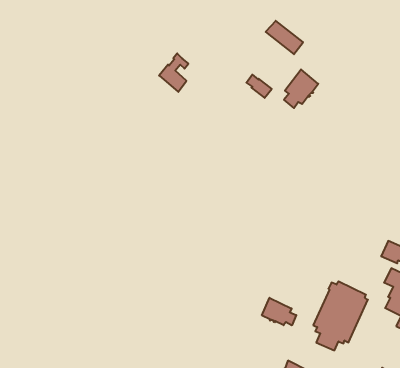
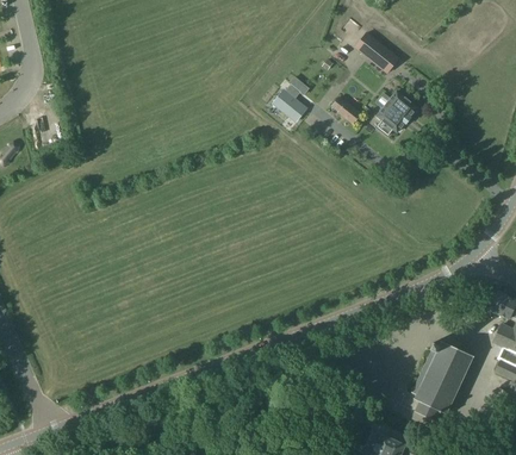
building: [159,53,188,92] -> [273,76,307,121]
building: [262,298,296,325] -> none

